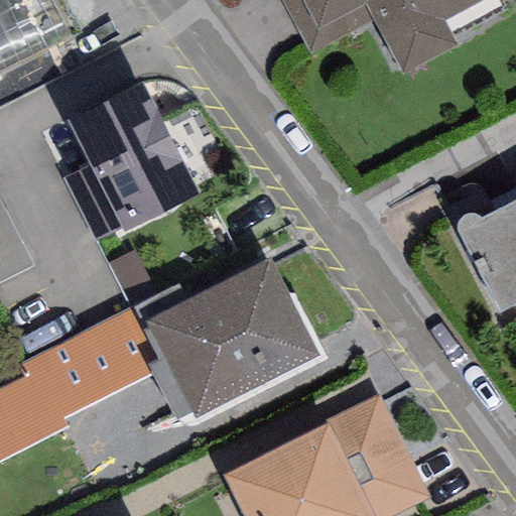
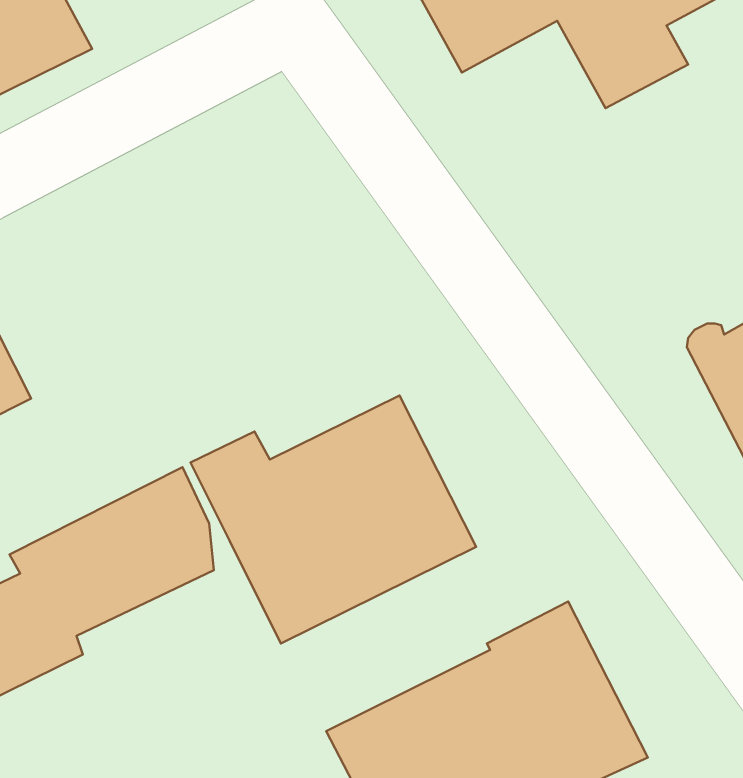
building: [63,84,199,242] -> none

